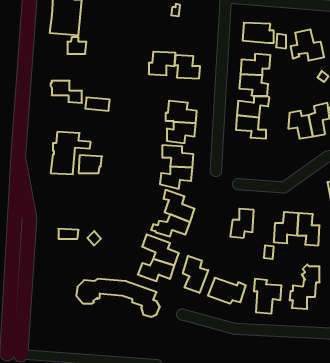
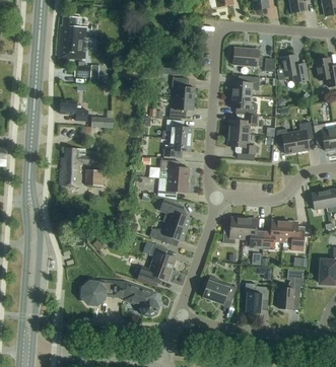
building: [149,52,176,75] -> [170,97,194,119]
building: none -> [243,218,263,245]
building: [183,256,208,293] -> none

